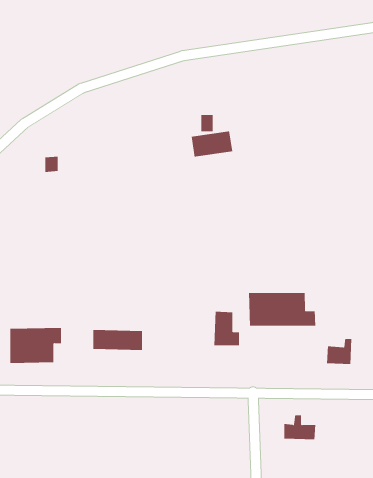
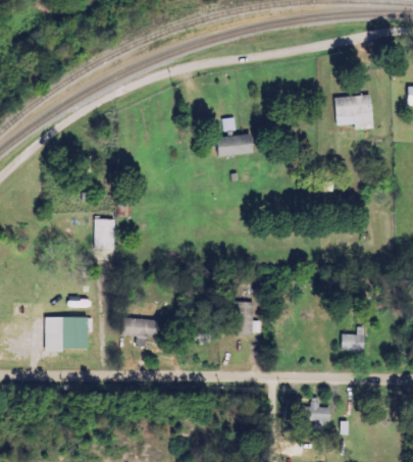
building: none -> [334,95,372,129]
building: none -> [94,218,116,249]
building: [249,292,316,327] -> none

